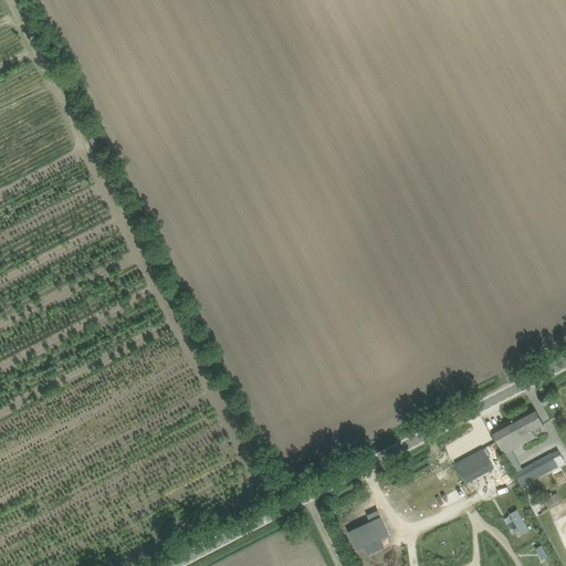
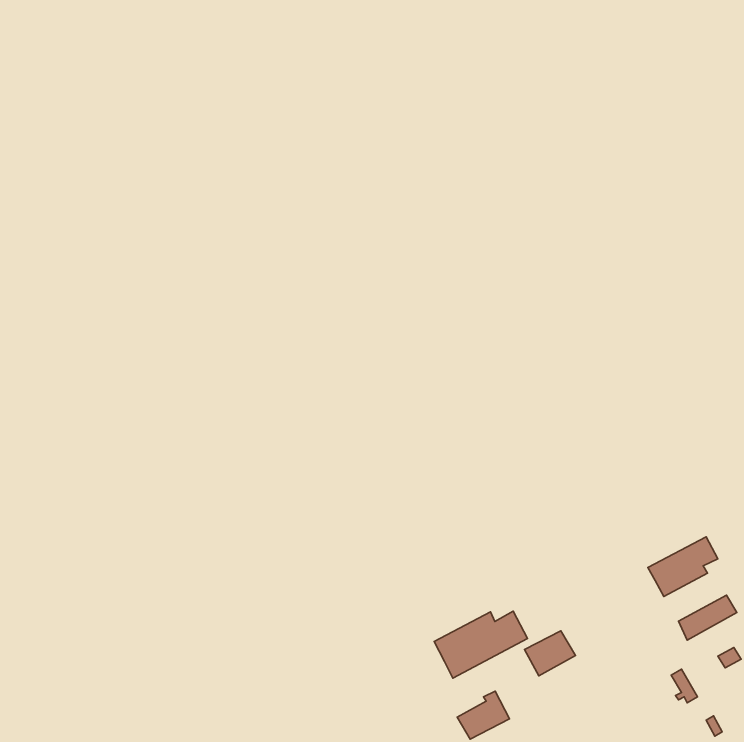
building: [455,448,494,482] -> [524,631,575,676]
building: none -> [434,611,527,678]

